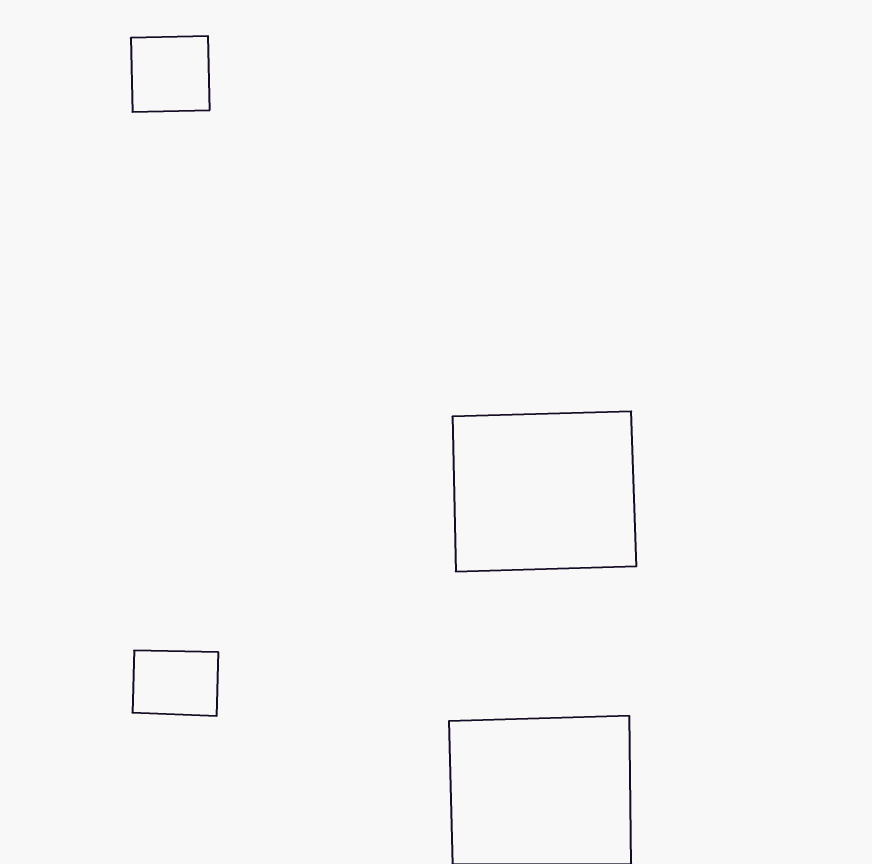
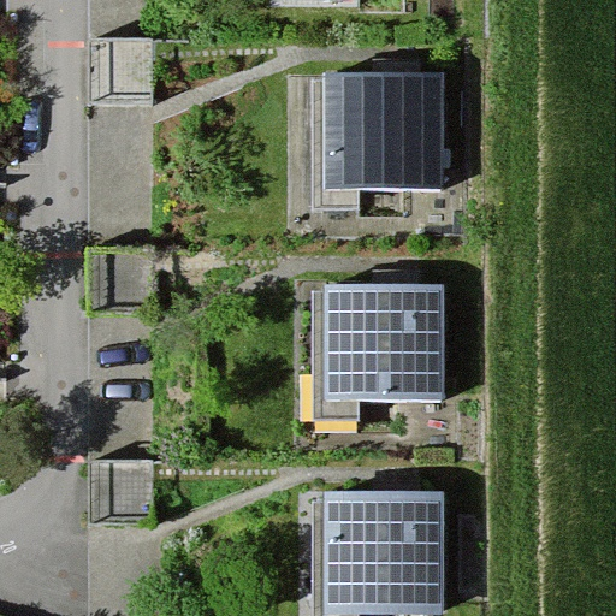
building: none -> [315,83,443,195]

